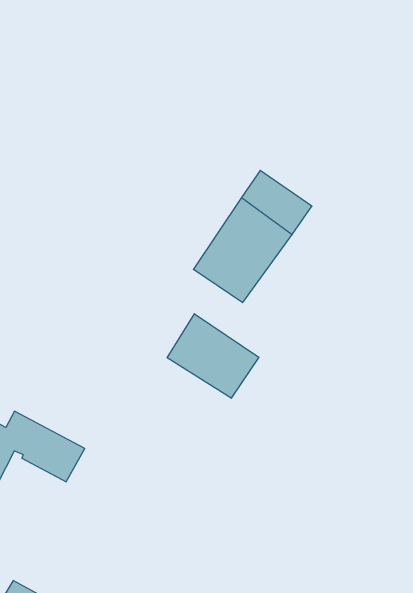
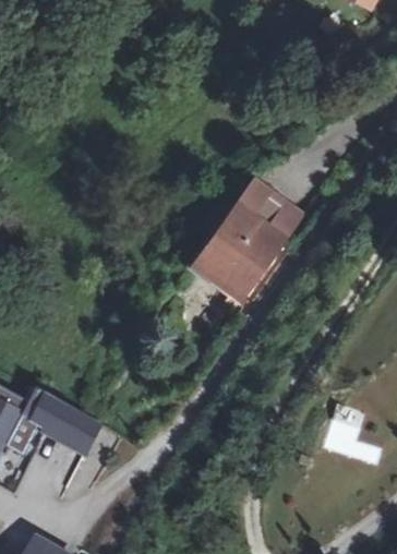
building: [167,314,259,398] -> none

